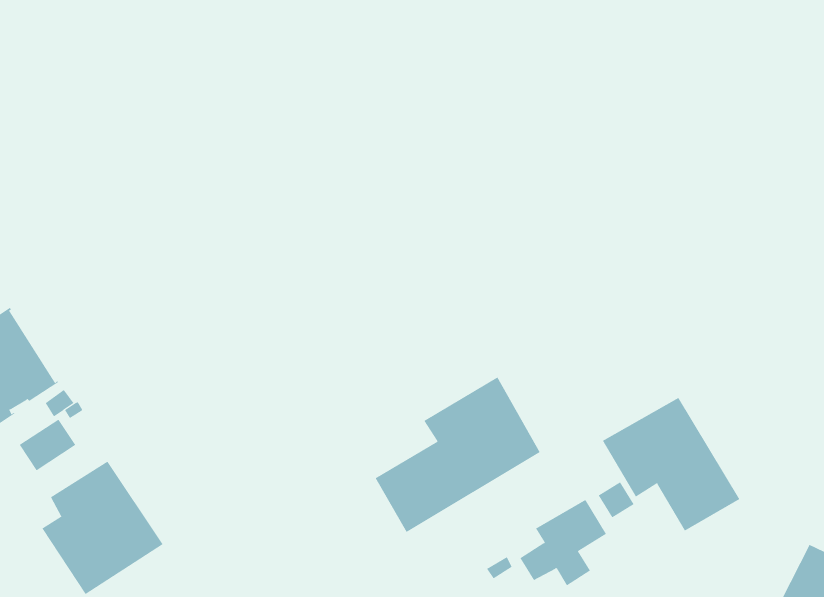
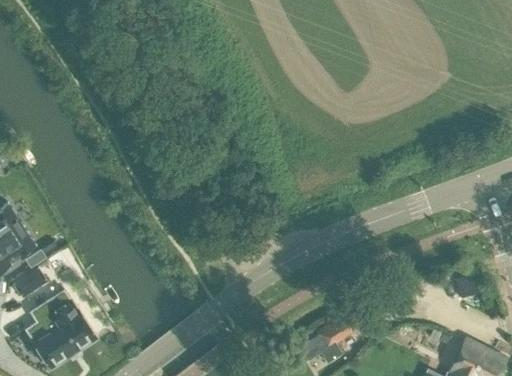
building: [375,377,540,533] -> none
building: [602,397,740,532] -> none

